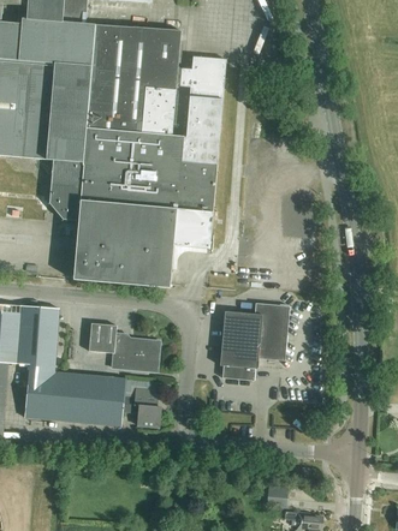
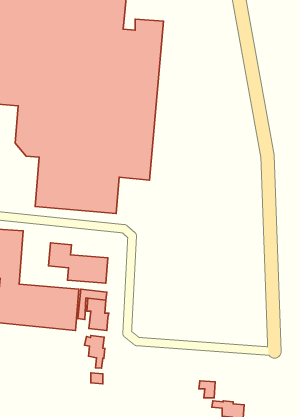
building: [220,302,290,380] -> none
building: none -> [85,335,105,368]

